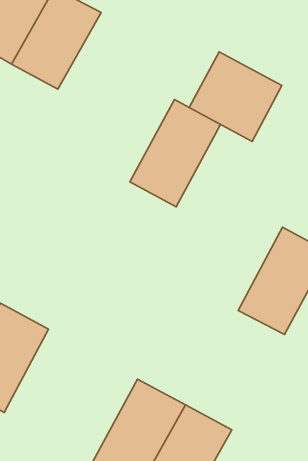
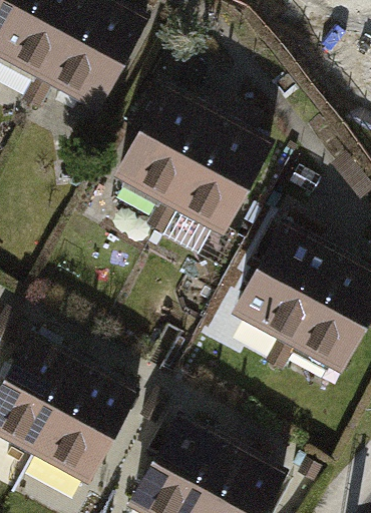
building: [189,52,282,141] -> none
building: none -> [115,89,216,206]
building: none -> [233,227,333,346]
building: none -> [31,366,129,483]

